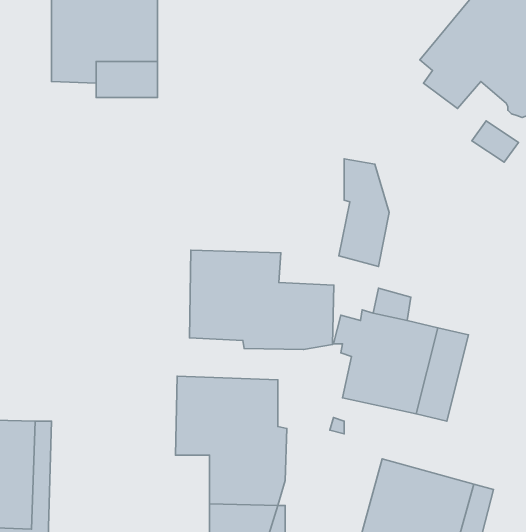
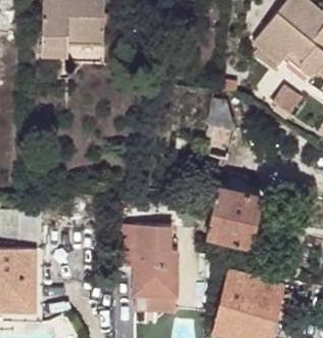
building: [190,250,334,350] -> none

